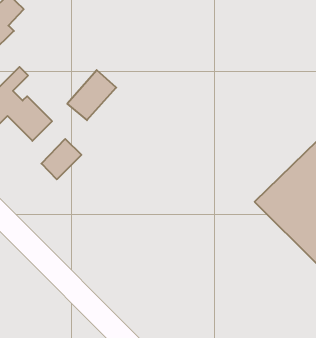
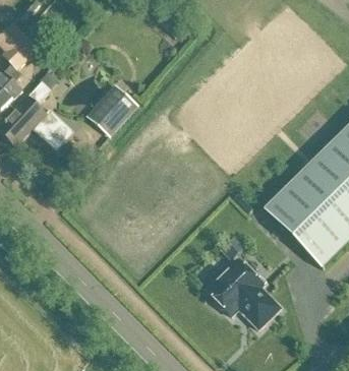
building: [41,139,81,179] -> none
building: none -> [205,256,281,327]

